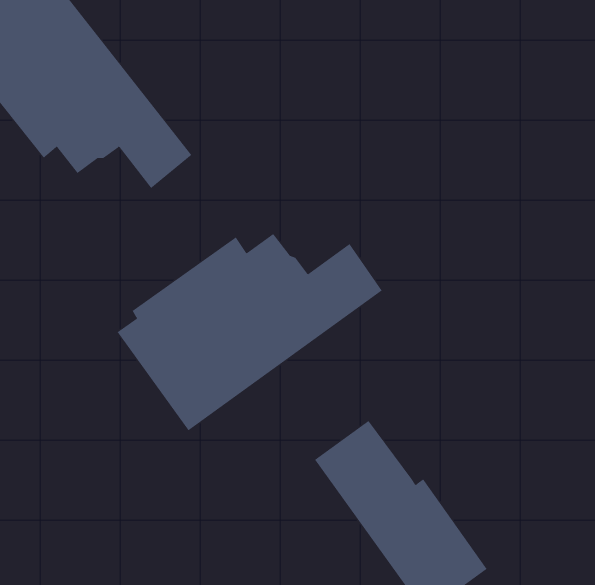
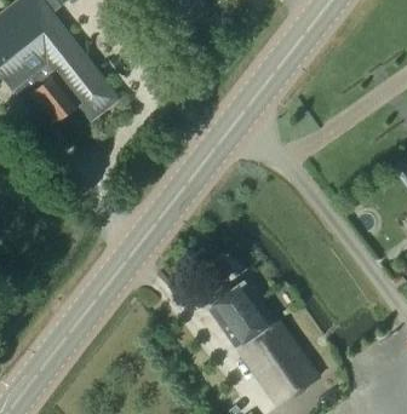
building: [117,233,383,431] -> none

